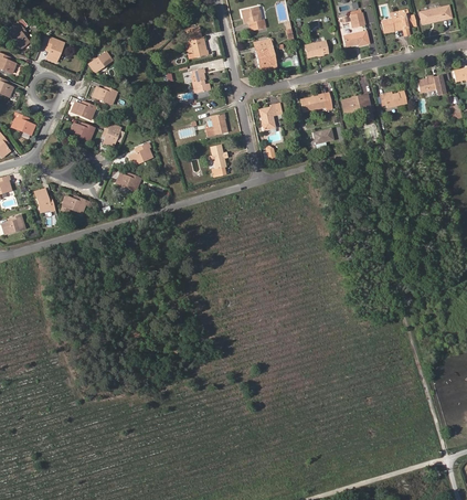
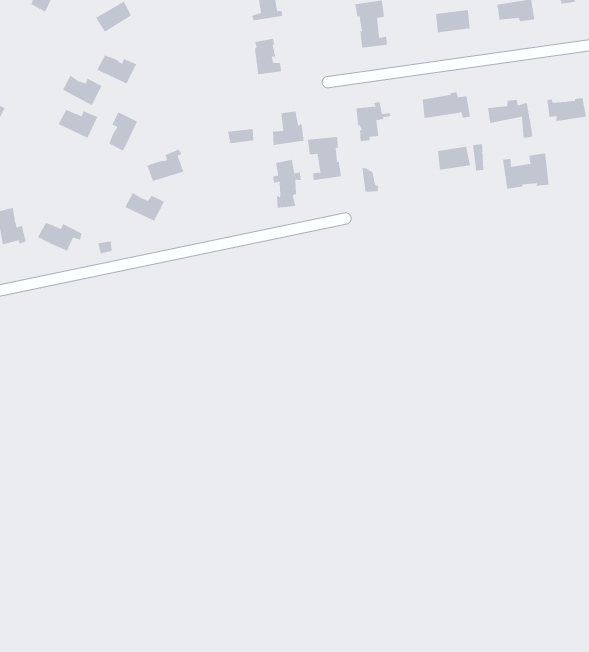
building: none -> [307,136,342,181]
building: none -> [502,153,549,189]

